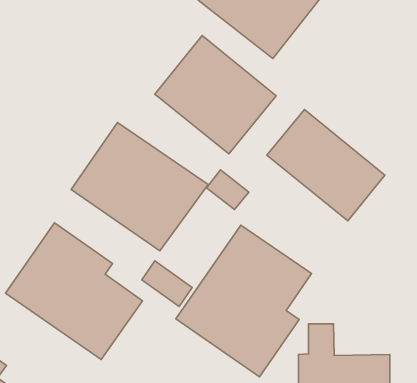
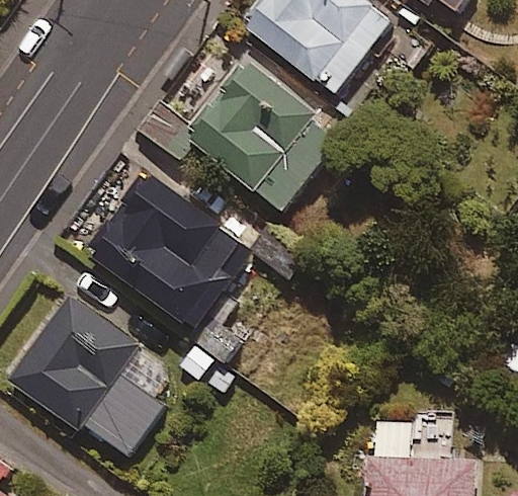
building: [267,110,385,221] -> none
building: [176,225,311,377] -> none

